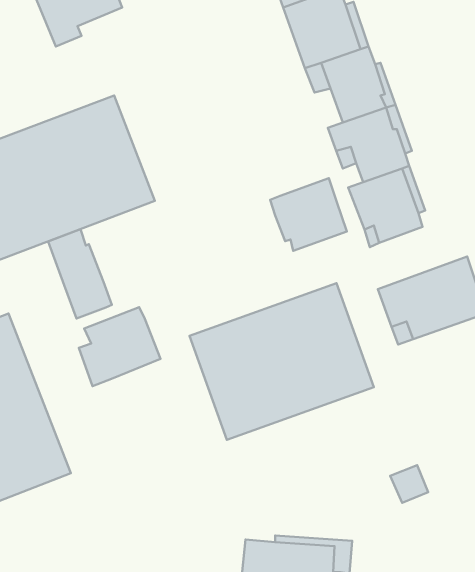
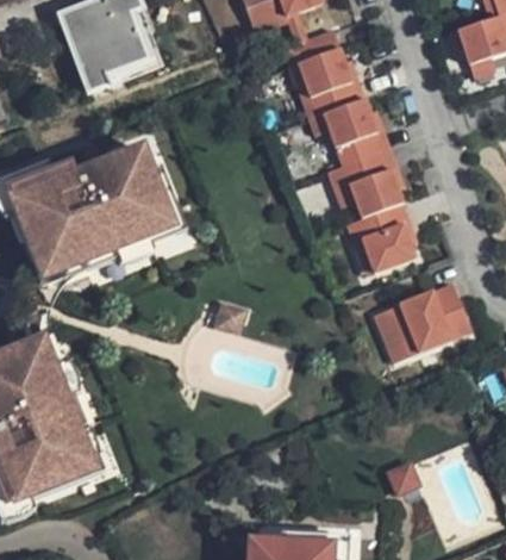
building: [270,178,347,251] -> none
building: [48,229,112,318] -> none
building: [189,283,374,440] -> none
building: [79,307,161,386] -> none

